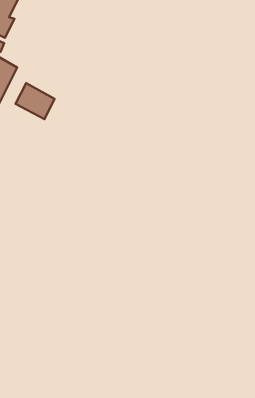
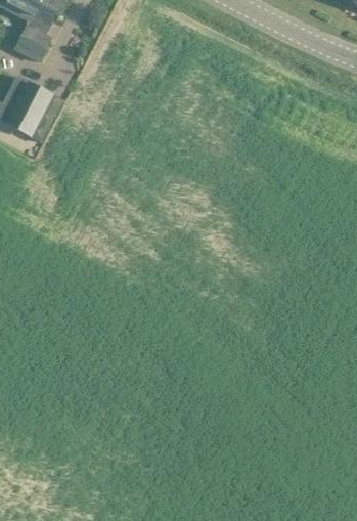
building: [16,83,55,119] -> none

